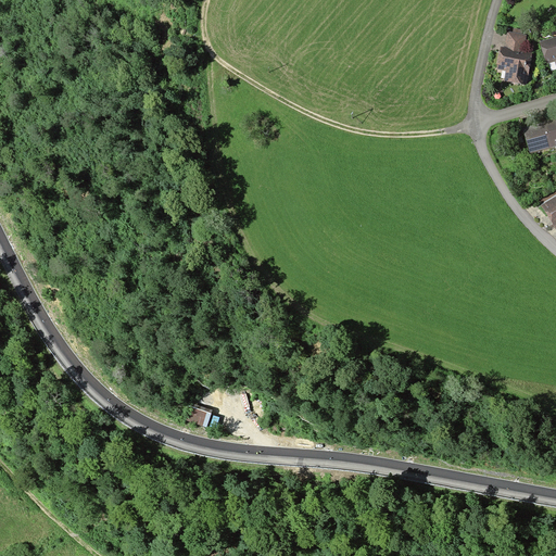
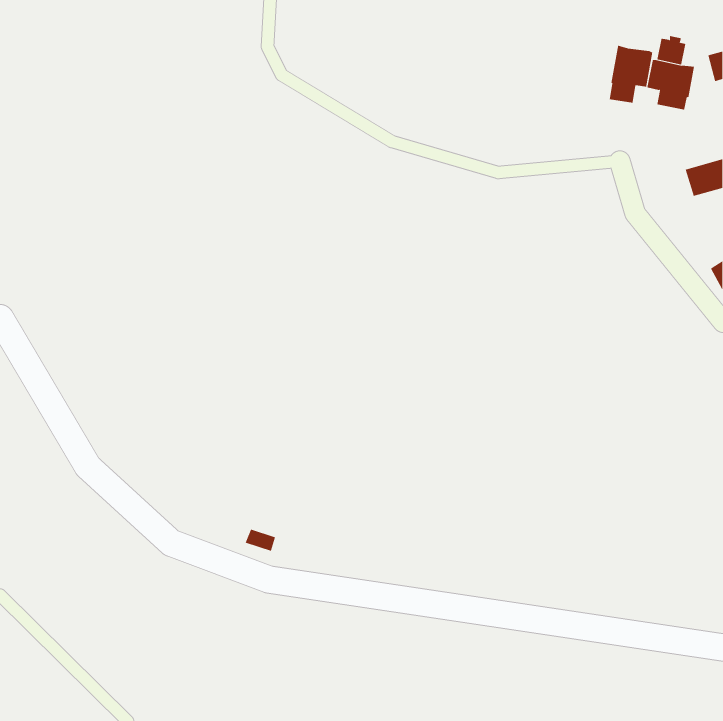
building: none -> [609,45,653,104]

